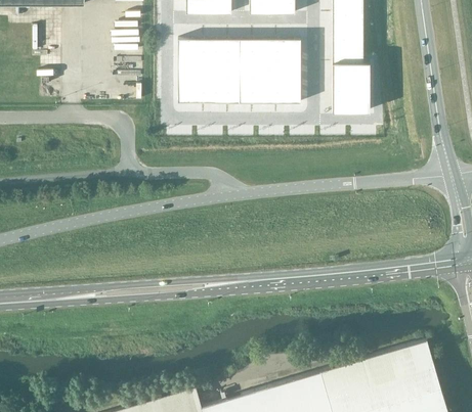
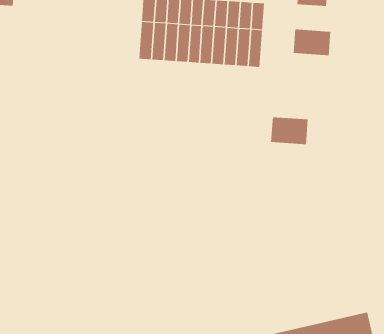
building: [332,37,362,61] -> none
building: [332,86,369,111] -> [270,117,309,145]

